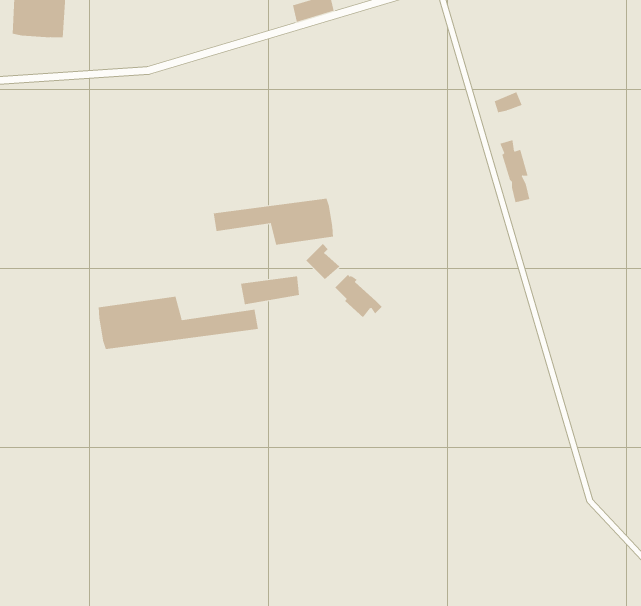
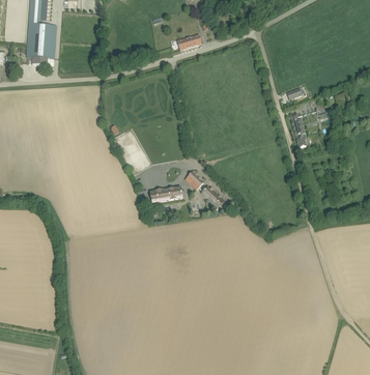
building: [213,198,333,246] -> none
building: [98,296,259,350] -> none

